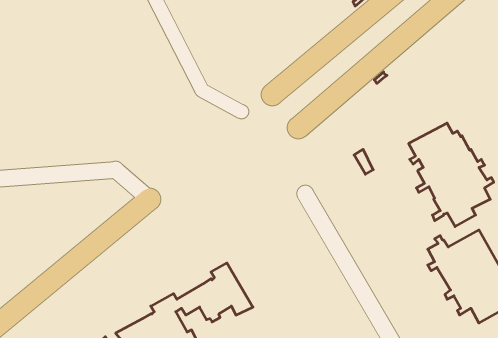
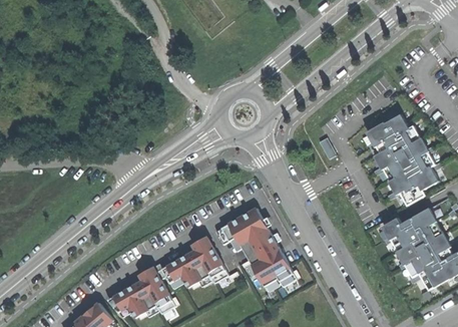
building: none -> [214,208,300,291]

